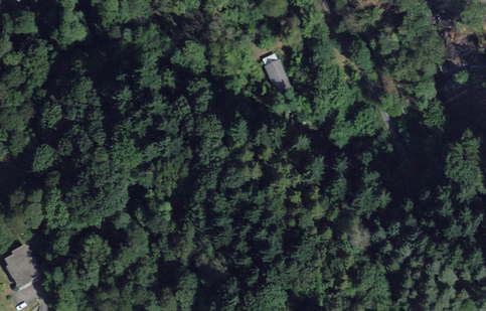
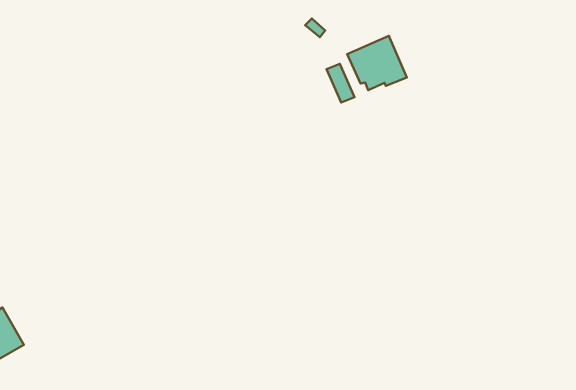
building: none -> [347,36,407,90]

